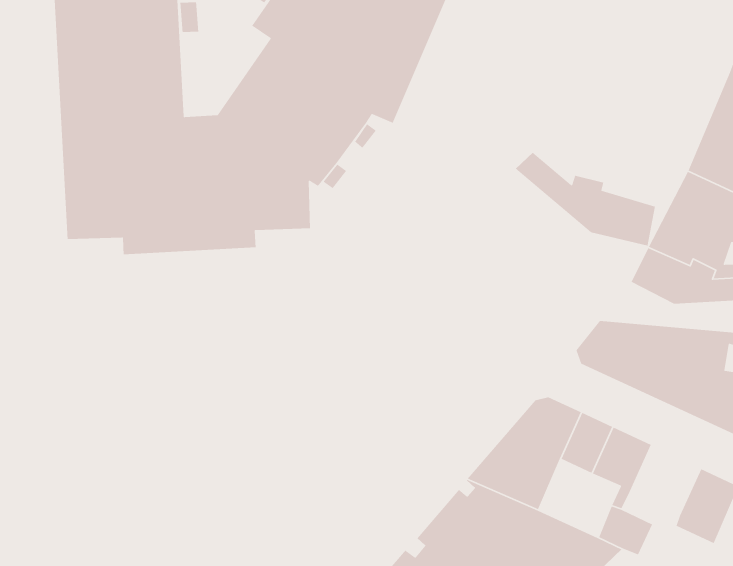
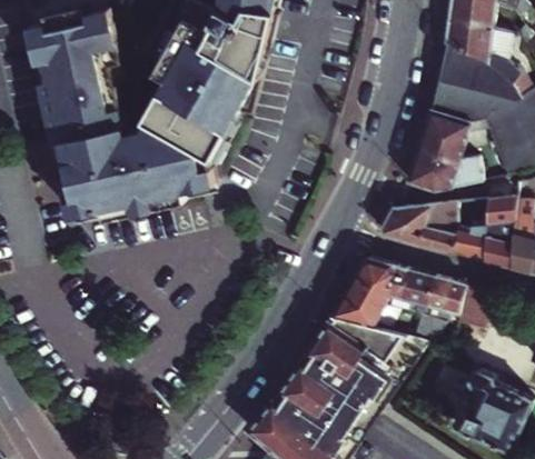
building: [515,152,656,247] -> none
building: none -> [427,276,466,315]

